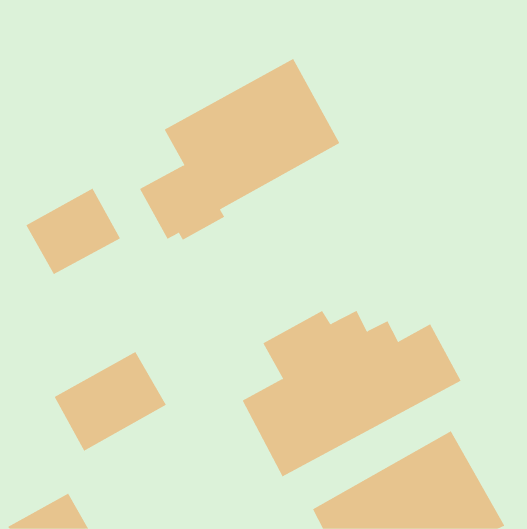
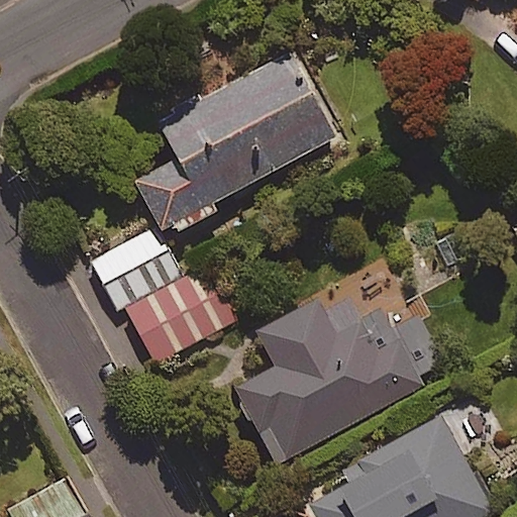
building: [26,188,121,275] -> [89,224,182,309]
building: [54,351,167,452] -> [125,266,235,364]

